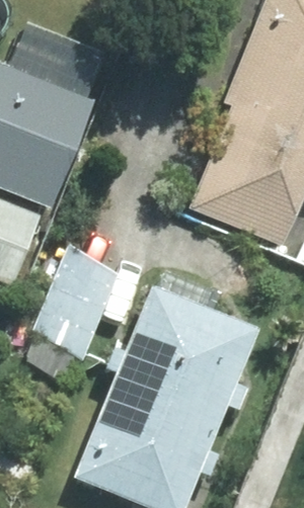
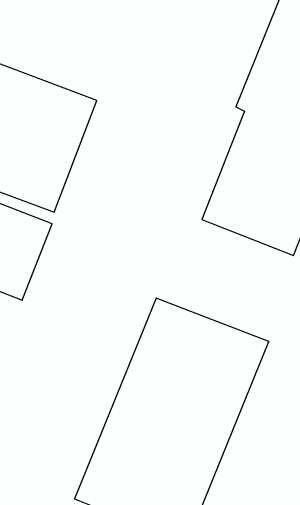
building: [33,242,121,380] -> none

